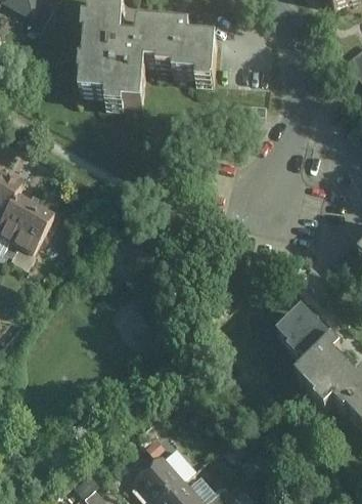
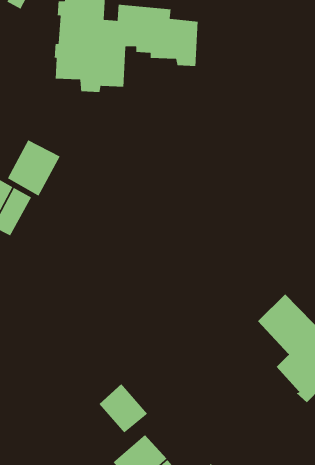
building: none -> [7,139,61,197]
building: none -> [98,383,148,434]

